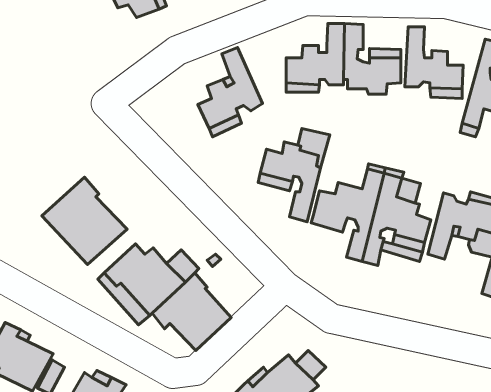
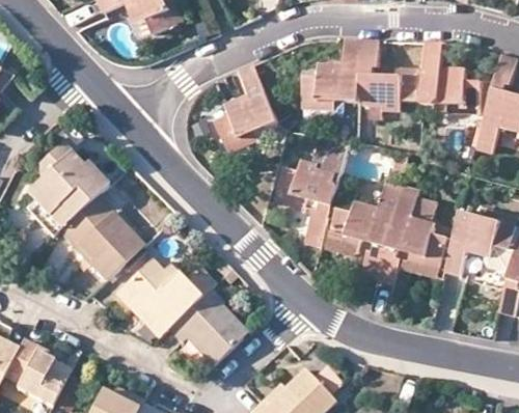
building: none -> [26,144,110,238]

